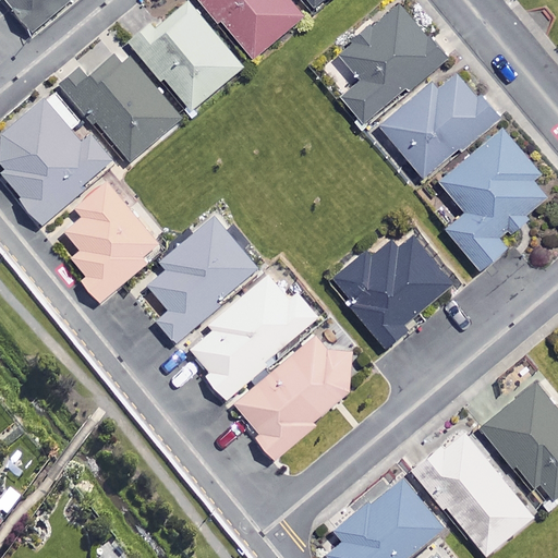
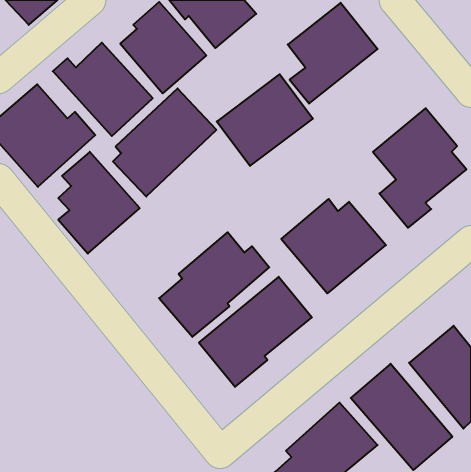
building: [381,69,495,177] -> [217,74,313,166]
building: [136,216,258,343] -> [113,88,216,197]

